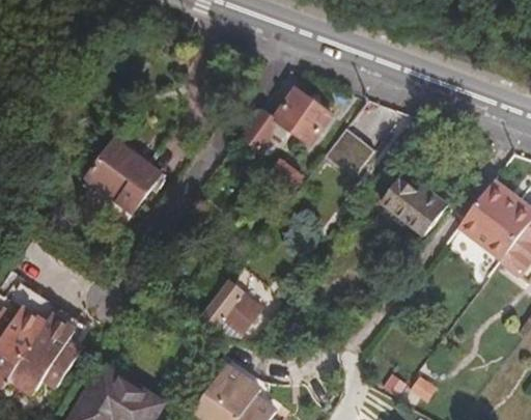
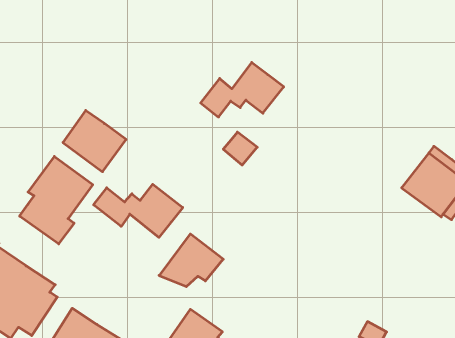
building: [324,130,374,174] -> none
building: [381,179,445,234] -> none
building: none -> [20,156,93,244]
building: none -> [94,184,183,237]

